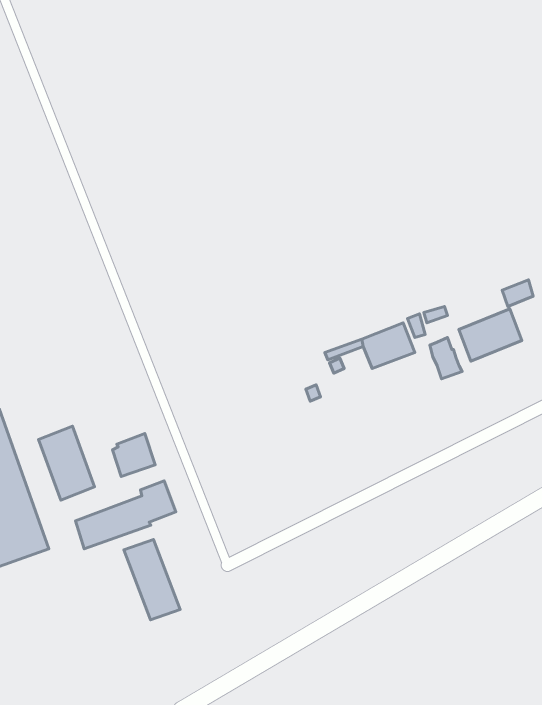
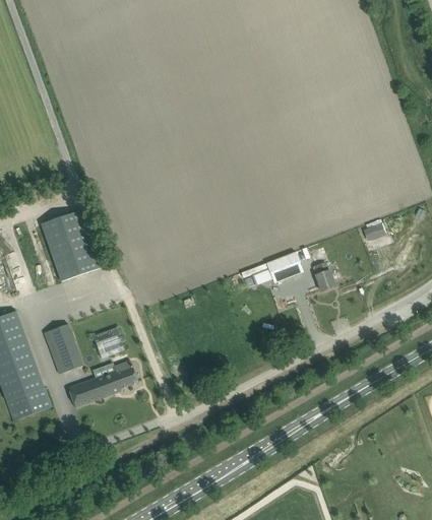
building: none -> [40,209,99,280]
building: [459,309,522,361] -> none
building: [124,539,180,620] -> none

